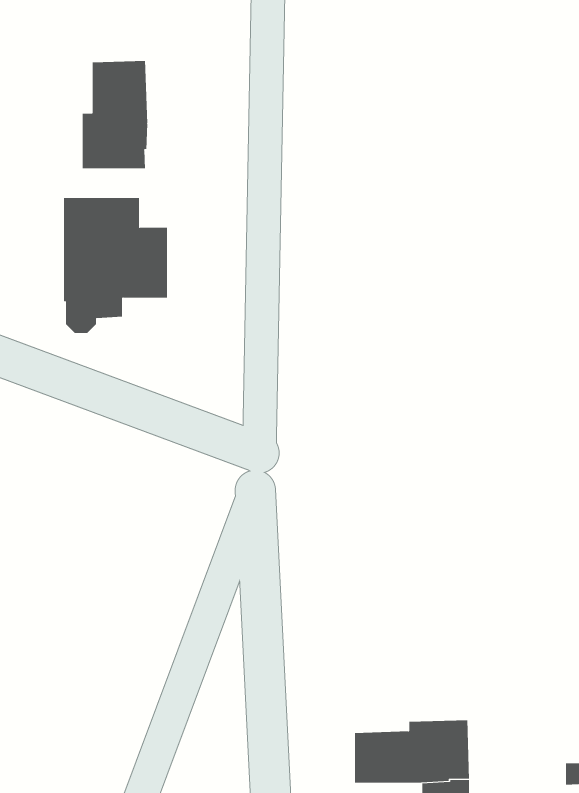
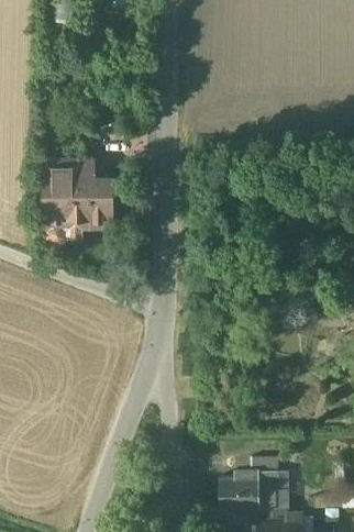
building: [82,60,148,169] -> none

